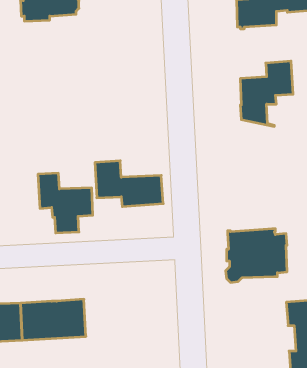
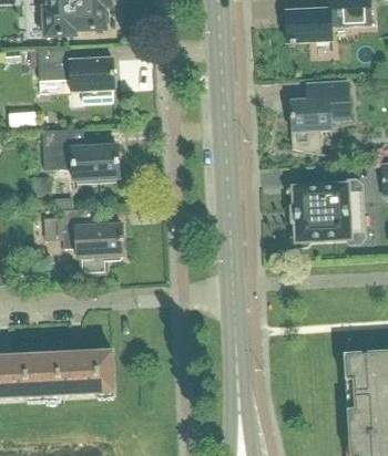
building: none -> [38,45,114,101]
building: [95,161,163,207] -> [42,126,120,178]
building: [226,229,287,282] -> [290,183,360,243]

